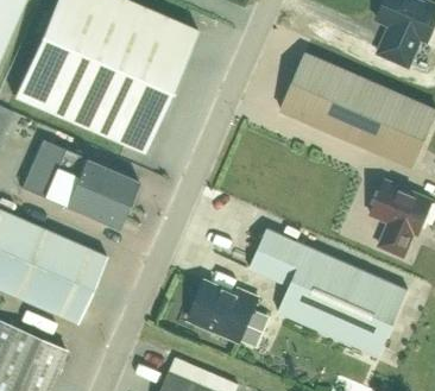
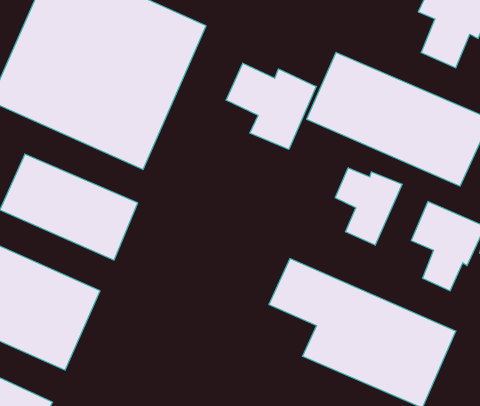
building: none -> [226,63,316,149]
building: none -> [335,168,402,245]
building: [188,282,258,342] -> none

